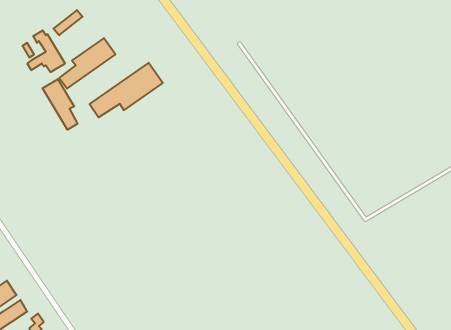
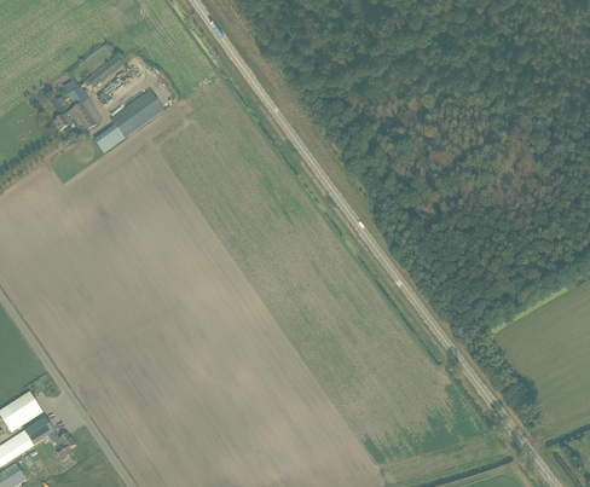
building: [90,63,163,117] -> none
building: [43,79,77,130] -> none

